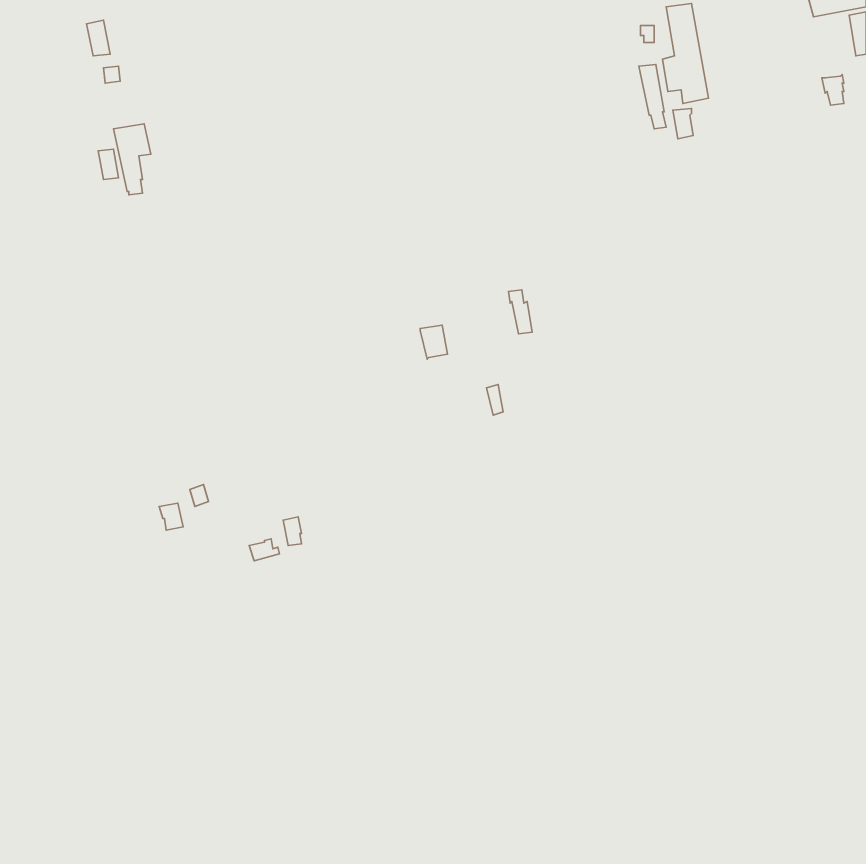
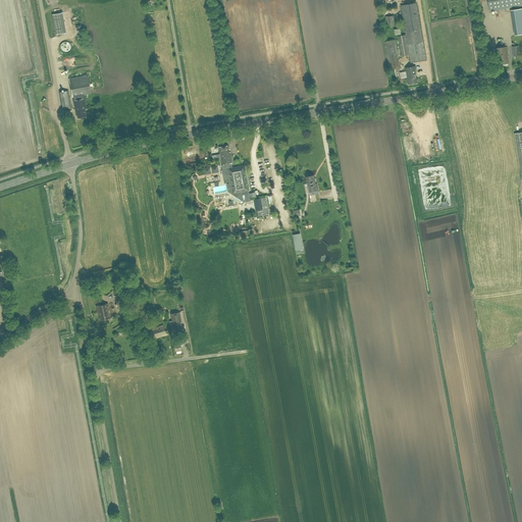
building: none -> [219,145,251,201]

